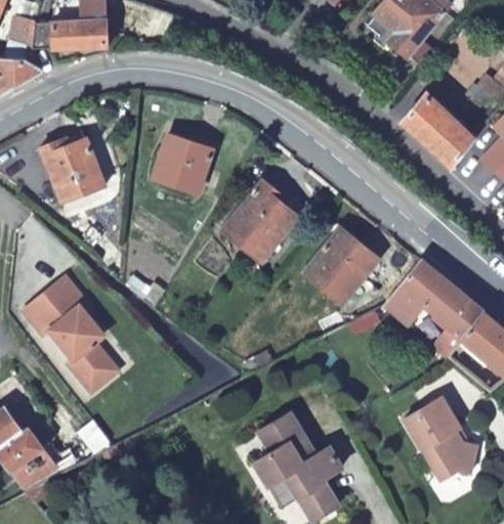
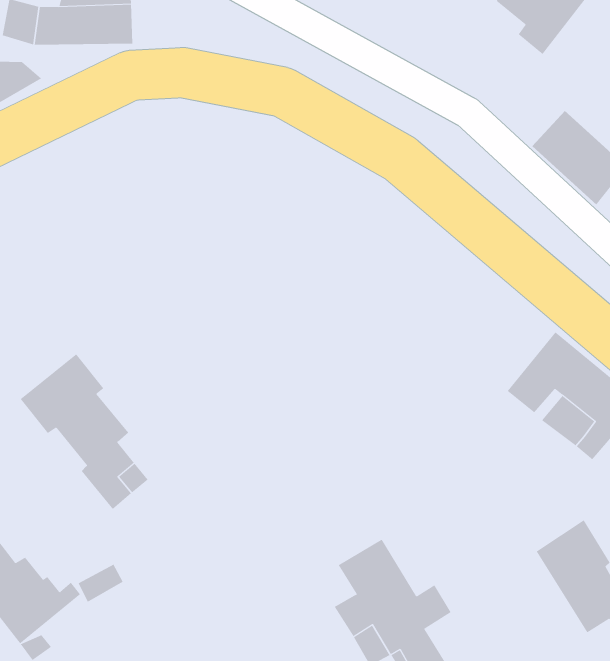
building: [41,136,106,203] -> none
building: [156,138,211,190] -> none
building: [222,180,296,259] -> none
building: [304,231,376,305] -> none

